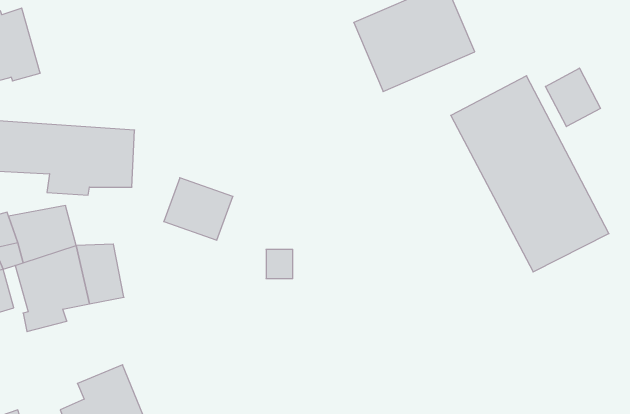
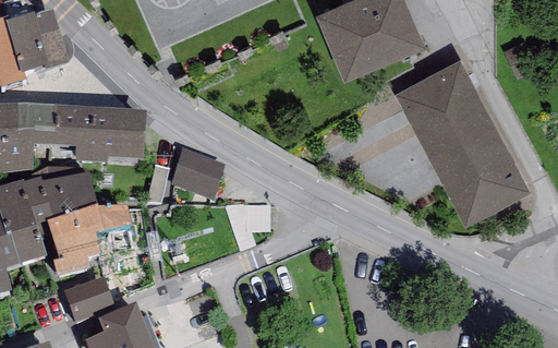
building: [545,68,600,127] -> none
building: none -> [62,276,109,321]

